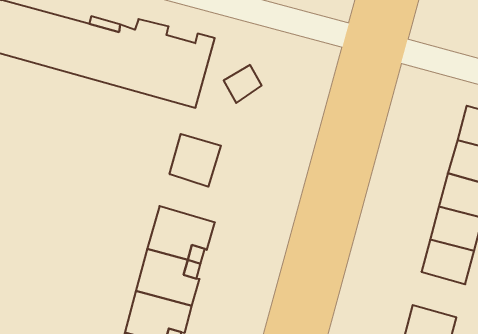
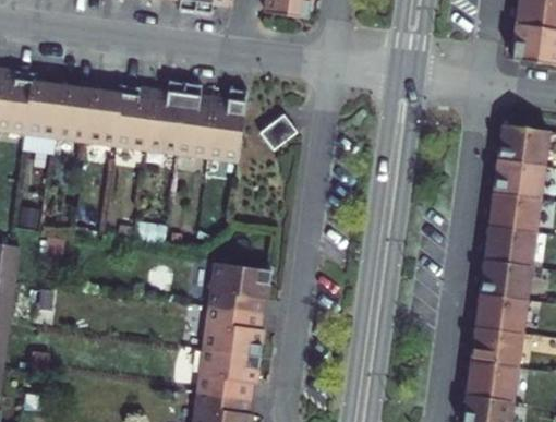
building: [170,134,221,187] -> none
building: none -> [475,293,524,334]

